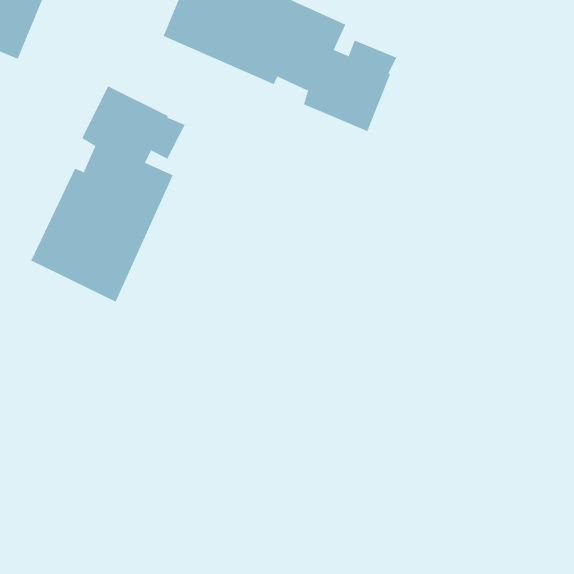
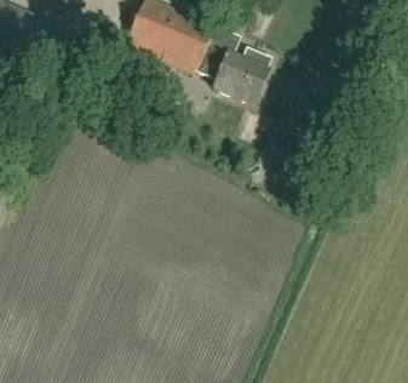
building: [31,85,186,302] -> none

